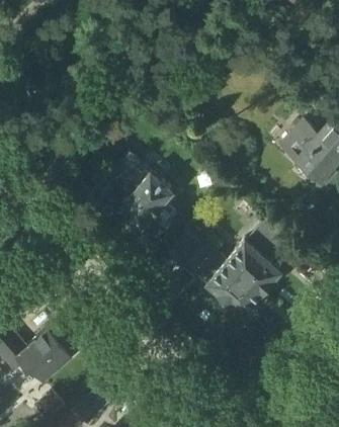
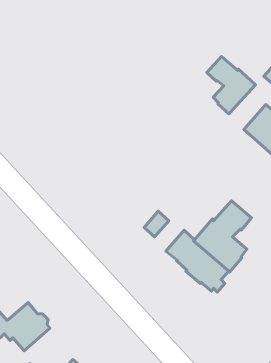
building: none -> [207,56,256,114]
building: [109,156,176,233] -> none

